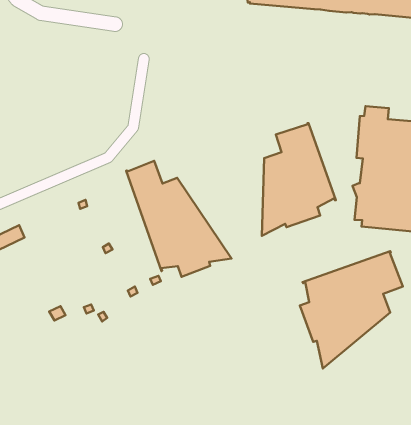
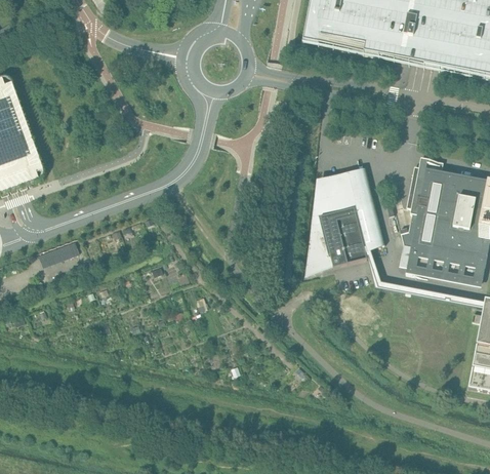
building: [126,161,231,277] -> none
building: [300,251,403,368] -> none

